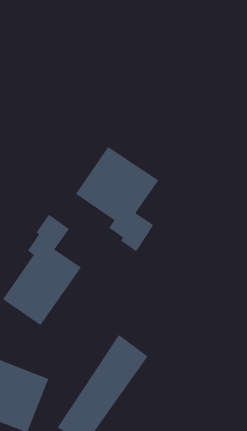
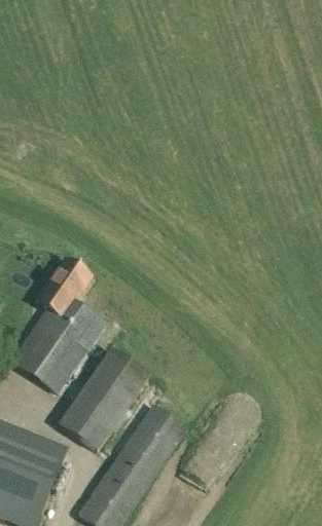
building: [75,146,159,252] -> none
building: none -> [57,349,150,451]

